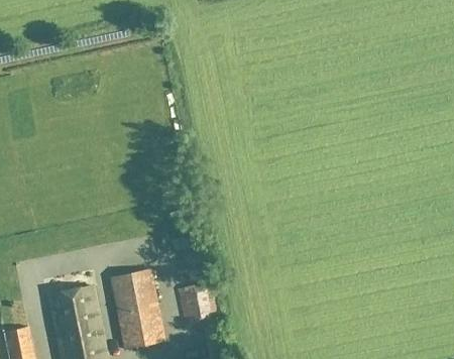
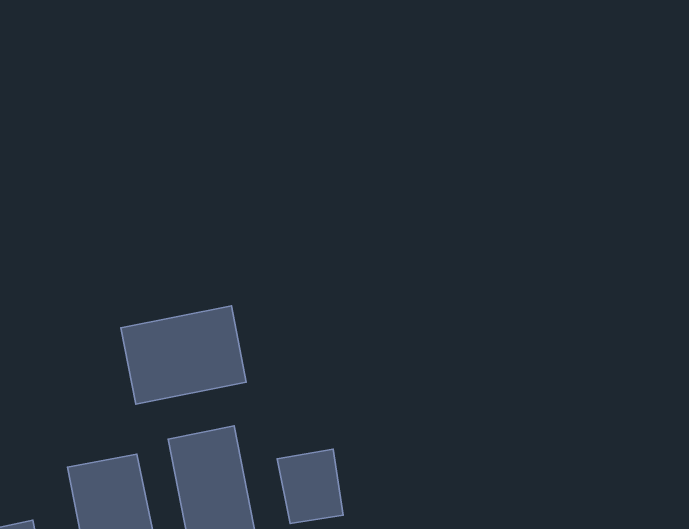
building: none -> [121,306,246,404]

